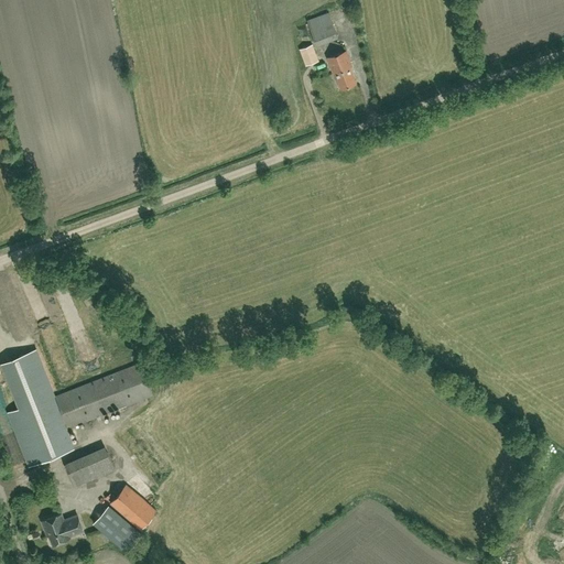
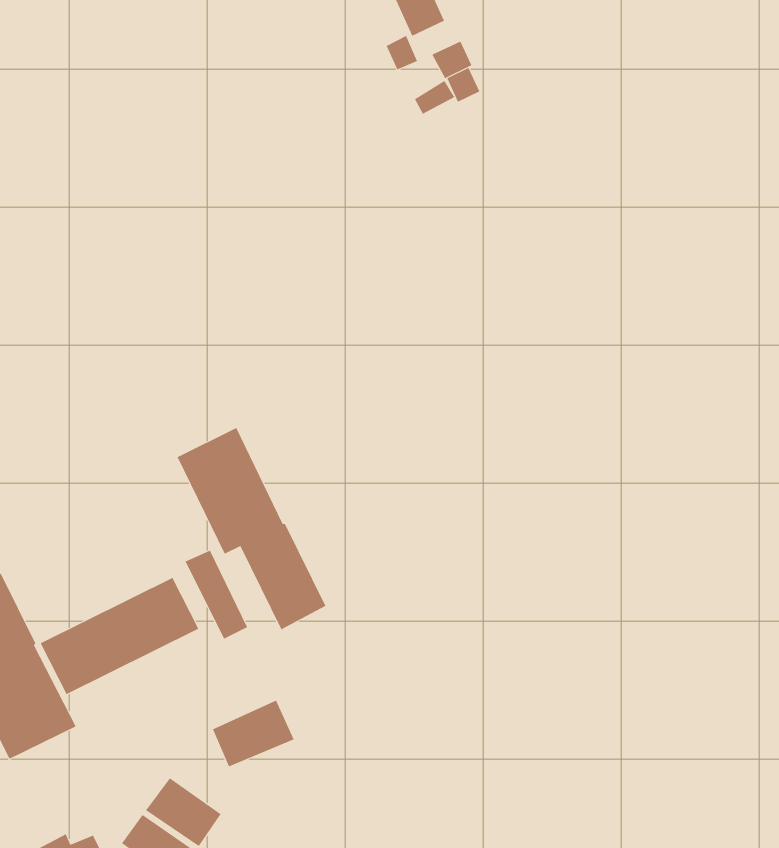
building: none -> [177,427,326,630]
building: none -> [185,550,248,640]
building: [67,448,117,487] -> [212,700,294,767]

